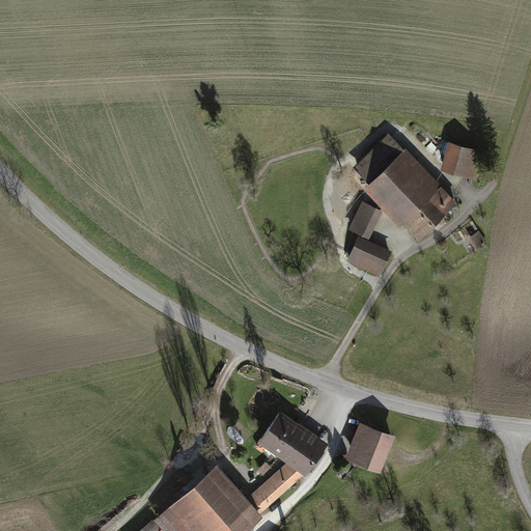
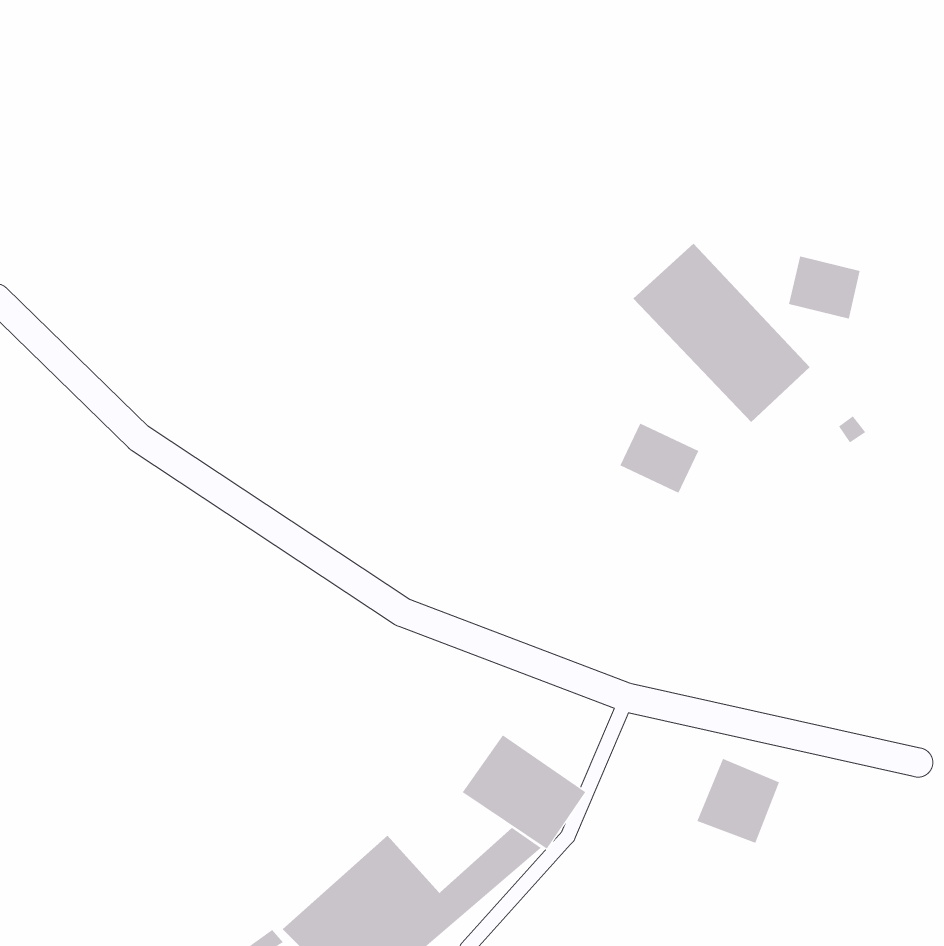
building: [348,203,380,239] -> none
building: [344,424,391,472] -> [696,758,780,843]

